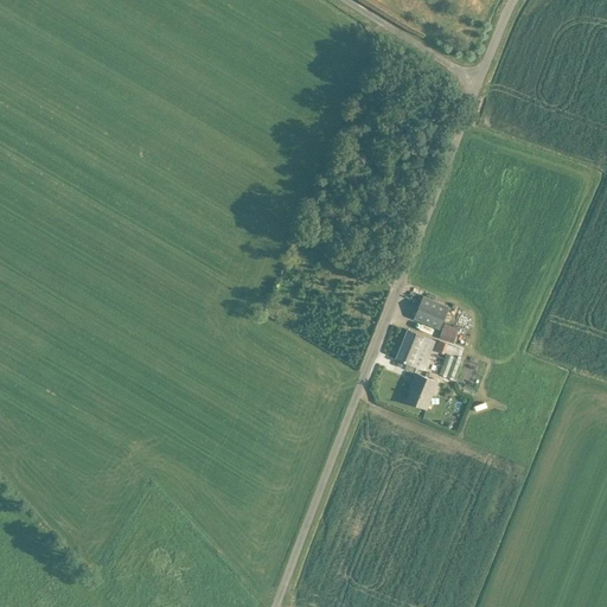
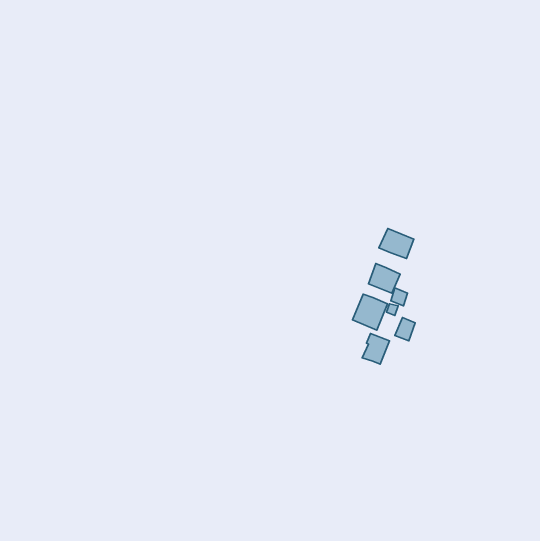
building: none -> [379,229,414,258]

